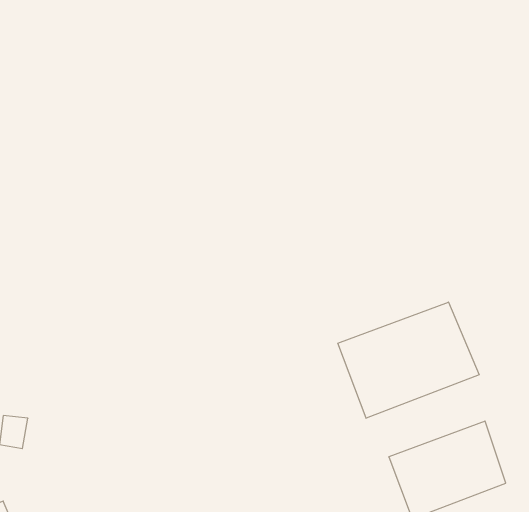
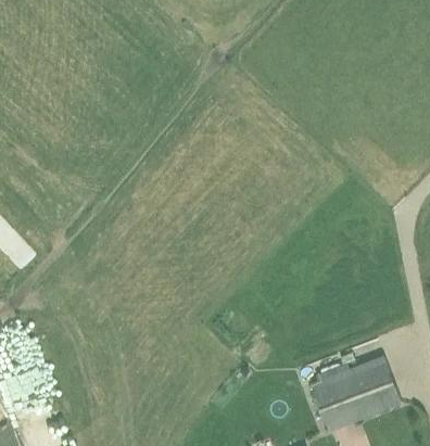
building: [338,302,479,418] -> none

